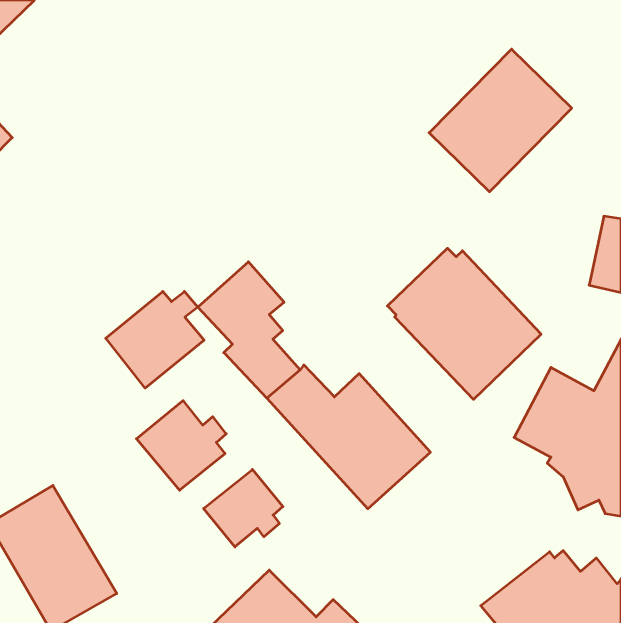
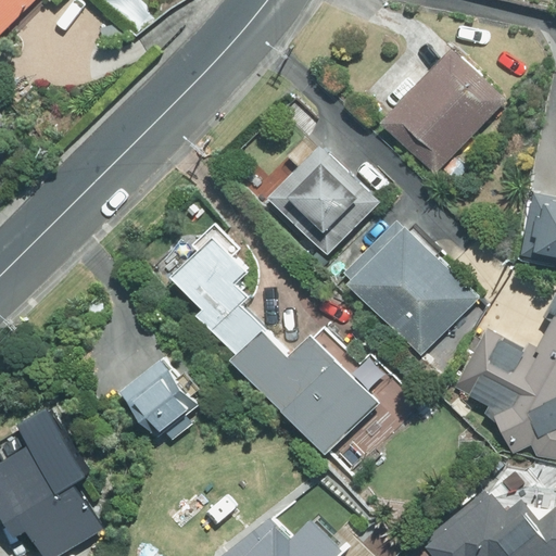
building: none -> [269,144,380,255]
building: [106,291,204,388] -> none
building: [204,469,283,547] -> none

